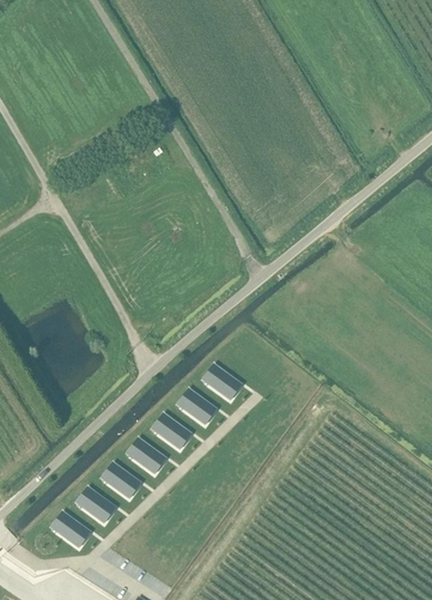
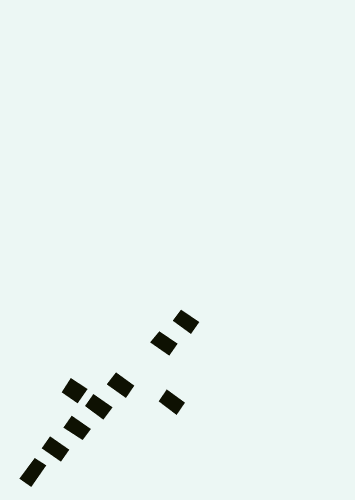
building: [154,414,188,447] -> [157,388,186,416]
building: none -> [61,377,89,405]
building: none -> [18,457,48,488]

